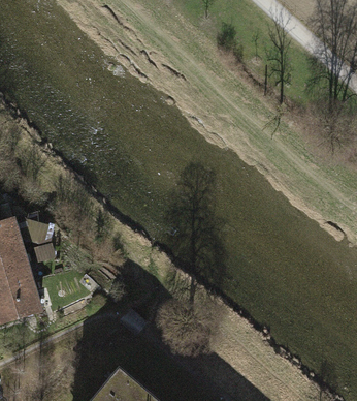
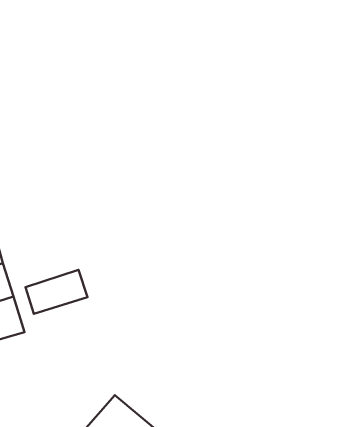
building: none -> [25,270,87,314]

